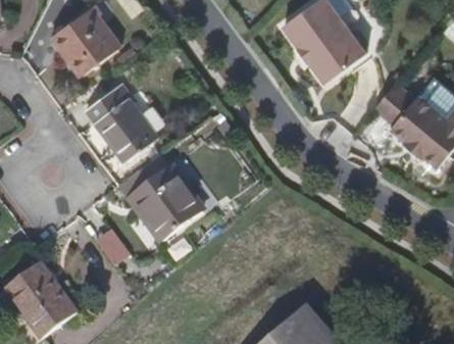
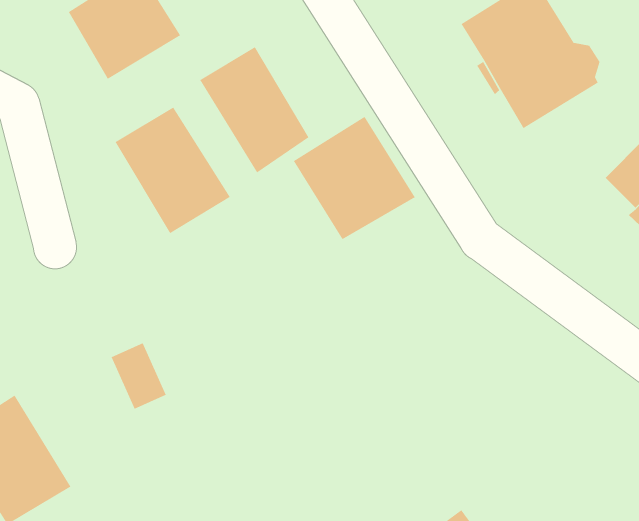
building: none -> [199,46,310,173]
building: [132,165,205,239] -> [293,116,416,240]

